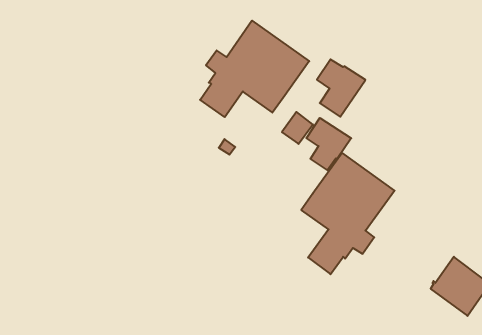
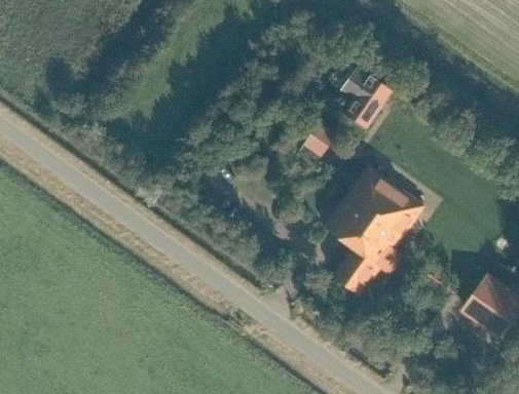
building: [200,21,309,117] -> none
building: [306,118,351,170] -> none

